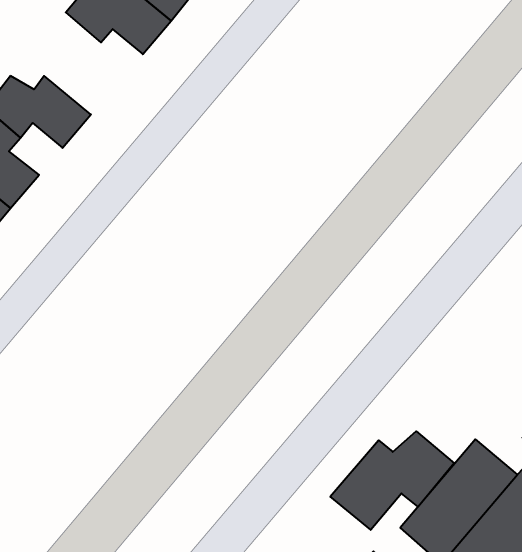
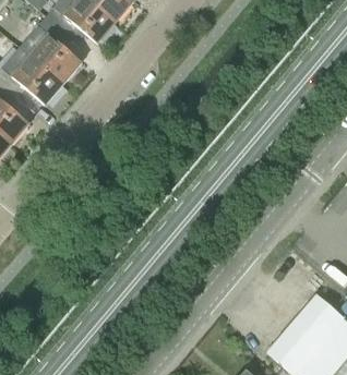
building: none -> [29,15,82,82]
building: [330,431,454,530] -> none

